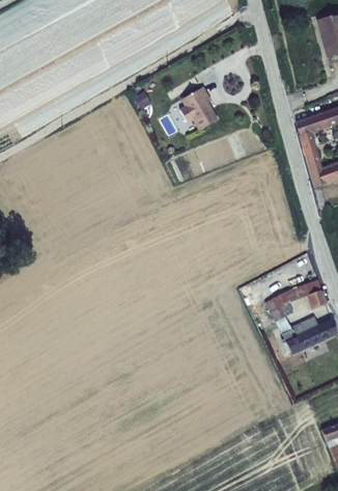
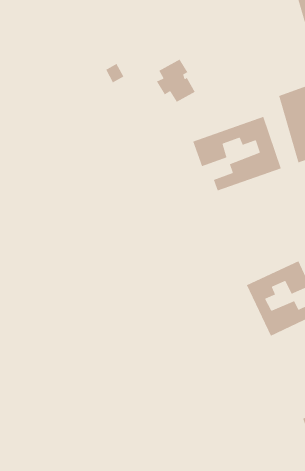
building: none -> [192,116,282,191]

